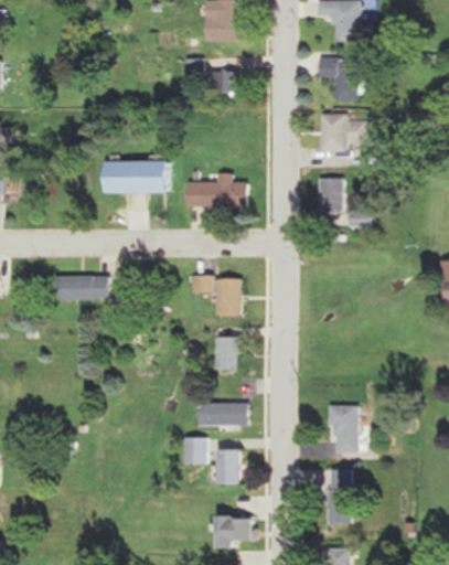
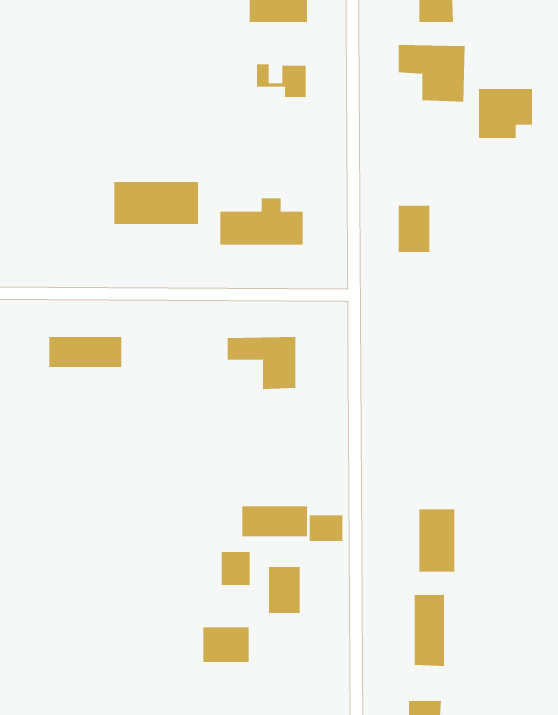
building: [320,114,361,151] -> [478,88,533,139]
building: [216,337,240,370] -> none
building: none -> [309,514,343,542]
building: [220,515,255,542] -> [202,627,250,662]

